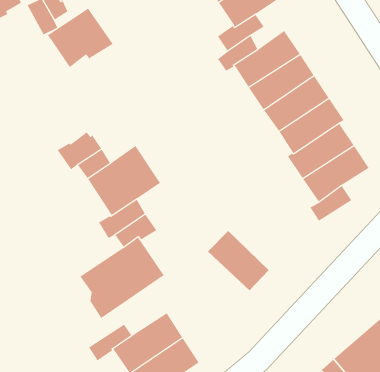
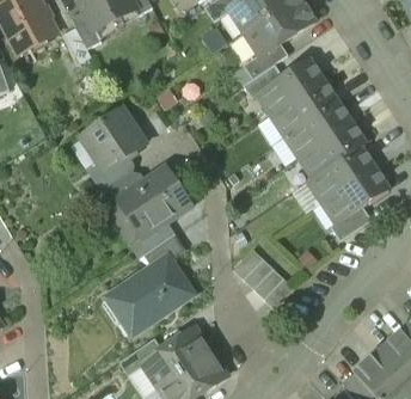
building: [47,8,113,68] -> [81,109,145,166]

